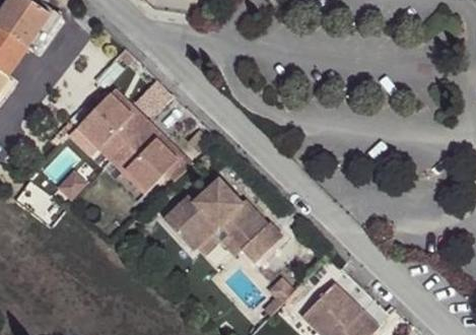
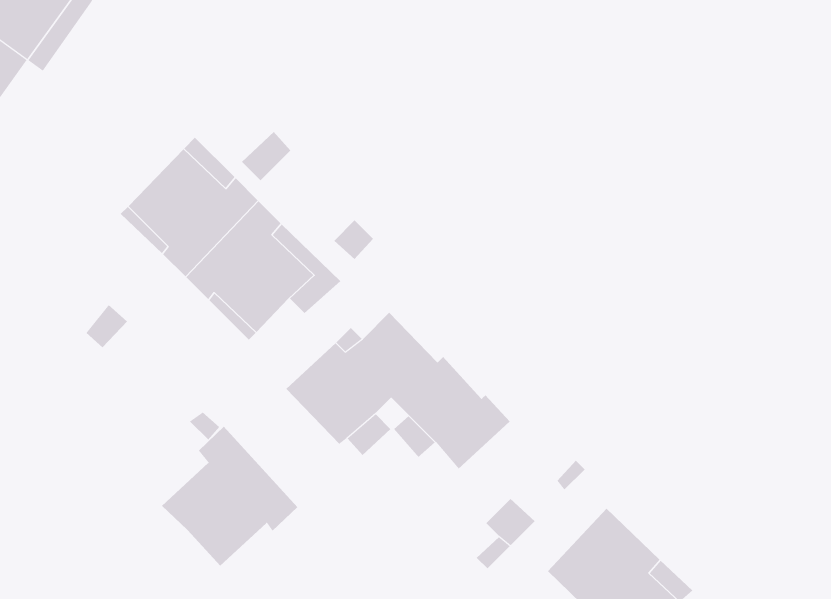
building: none -> [161,426,298,567]

